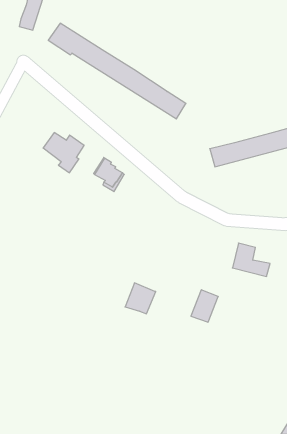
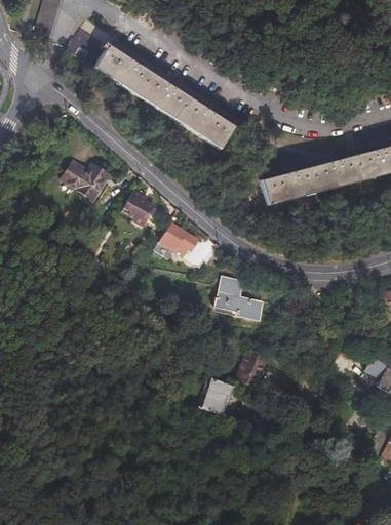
building: none -> [157,225,198,261]
building: [232,243,270,276] -> [217,274,262,314]
building: [125,283,156,314] -> [199,378,236,415]

